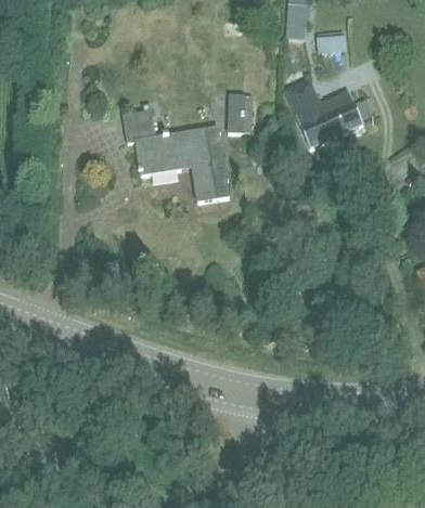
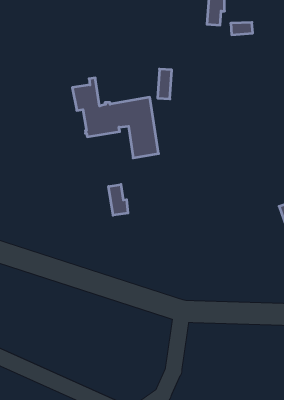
building: [287,80,366,148] -> none
building: none -> [109,184,128,215]

